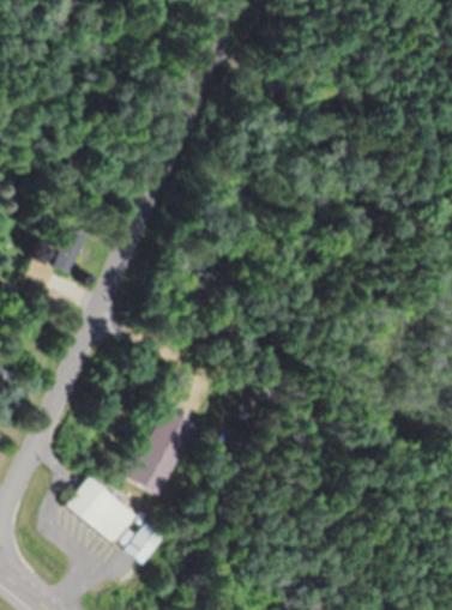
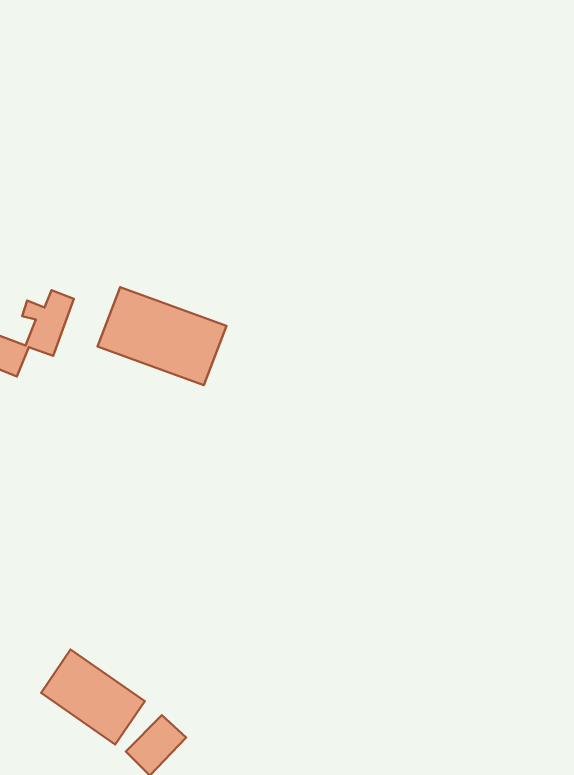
building: none -> [98,287,226,385]
building: [127,407,194,496] -> none

